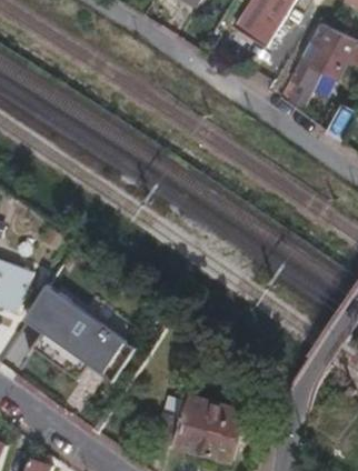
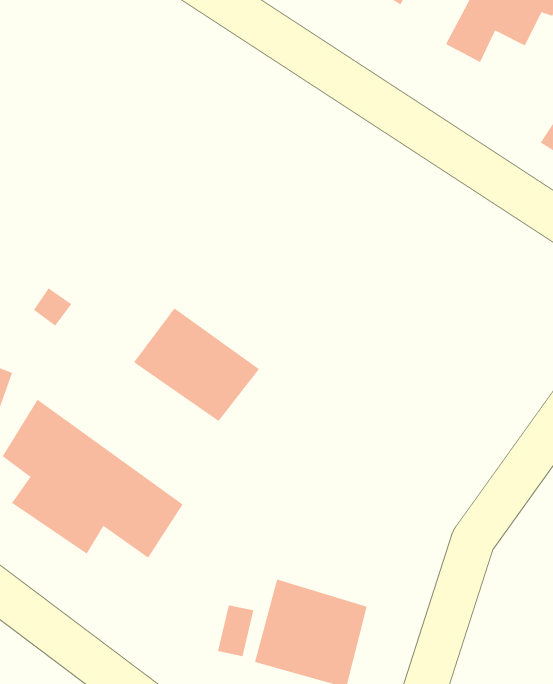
building: none -> [133,307,260,422]

